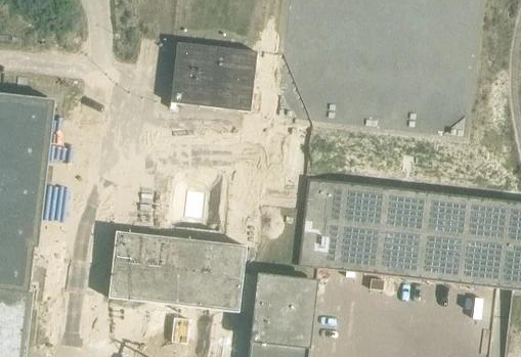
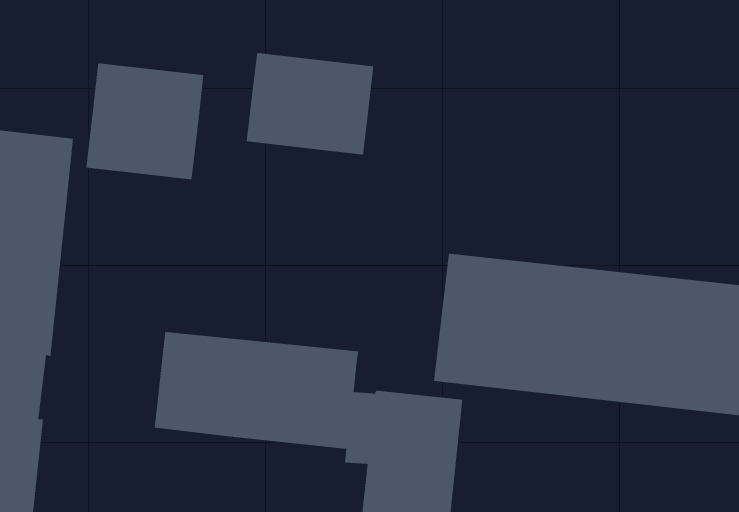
building: none -> [86,62,204,180]

